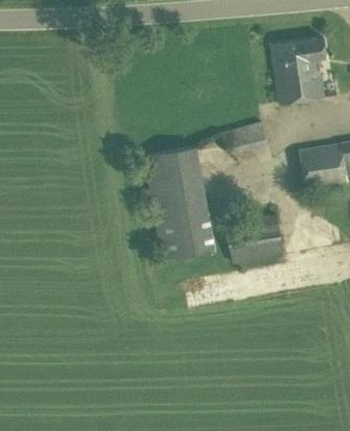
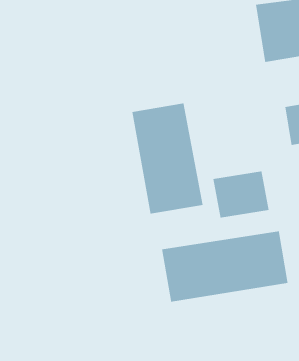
building: [223,121,269,153] -> none
building: none -> [162,230,288,303]

